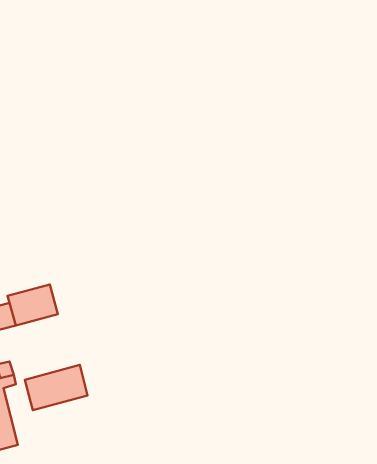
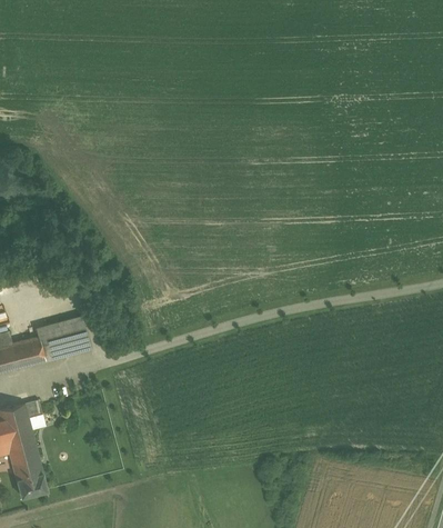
building: [25,365,88,410] -> none

